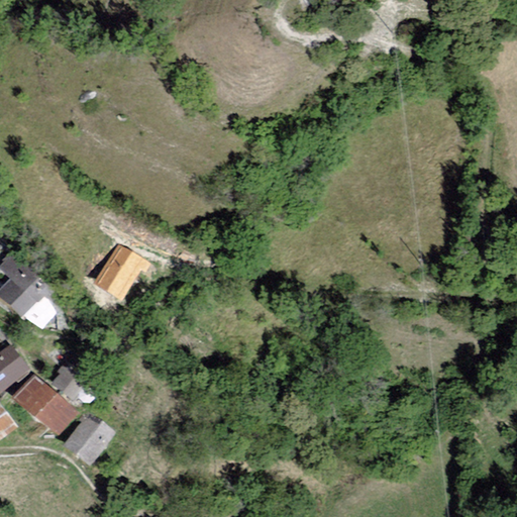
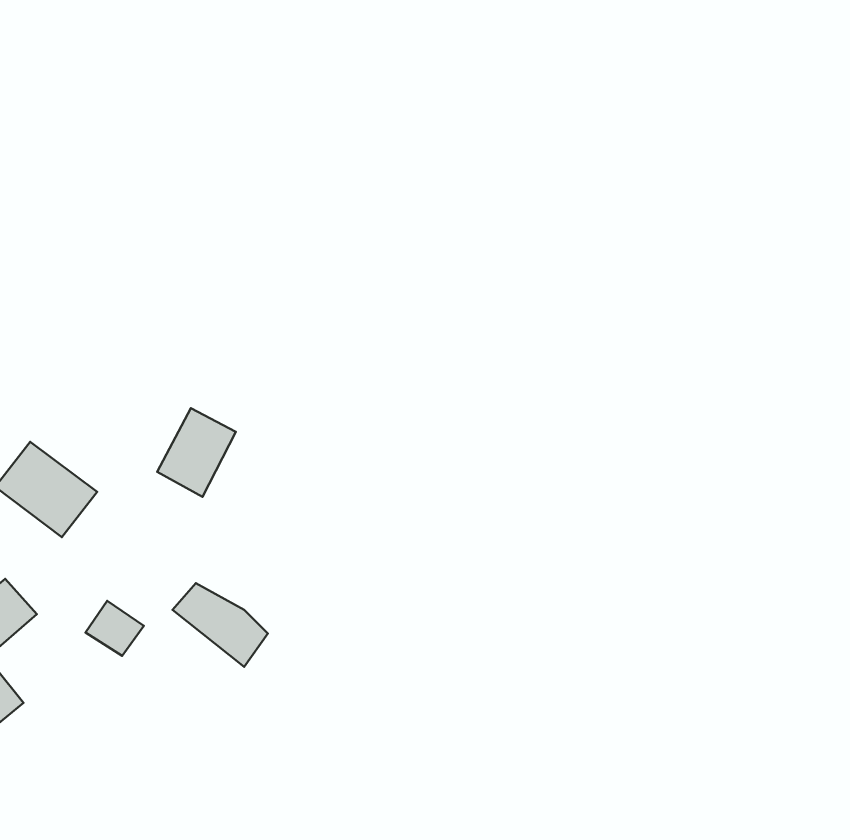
building: [16,381,74,431] -> [172,583,268,667]
building: [66,415,109,459] -> none

